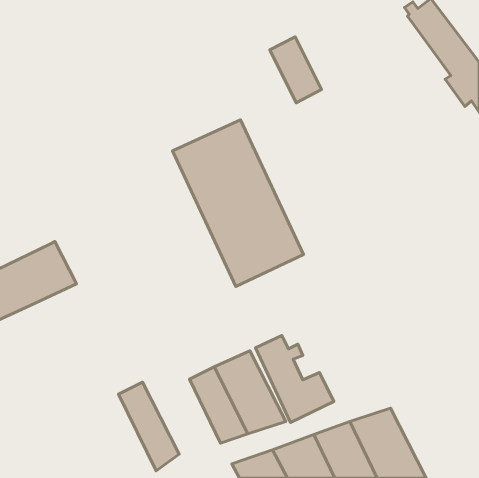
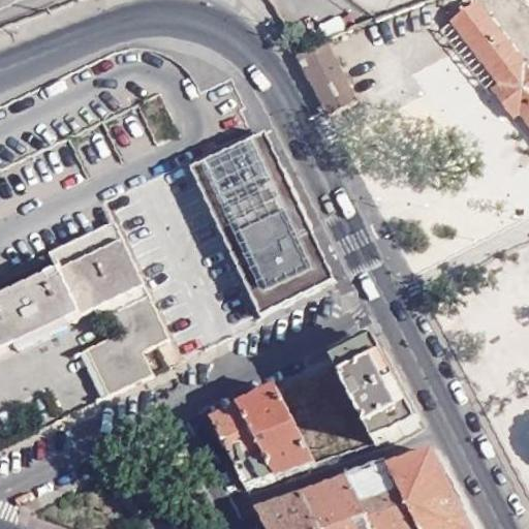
building: none -> [46,217,166,388]
building: none -> [329,338,416,441]
building: [118,382,179,471] -> none

